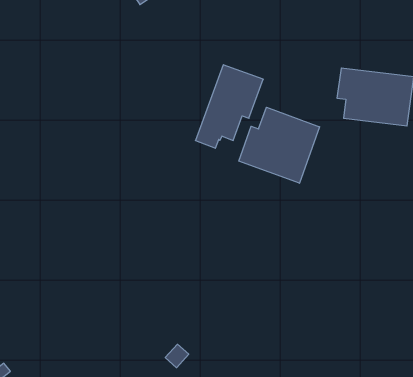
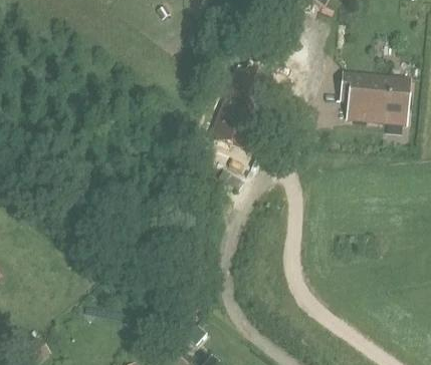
building: [239,107,320,183] -> none

